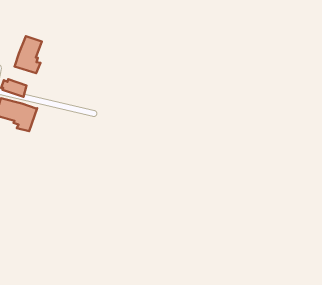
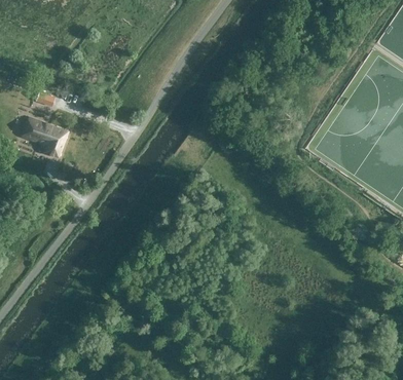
building: [14,36,42,73] -> none

